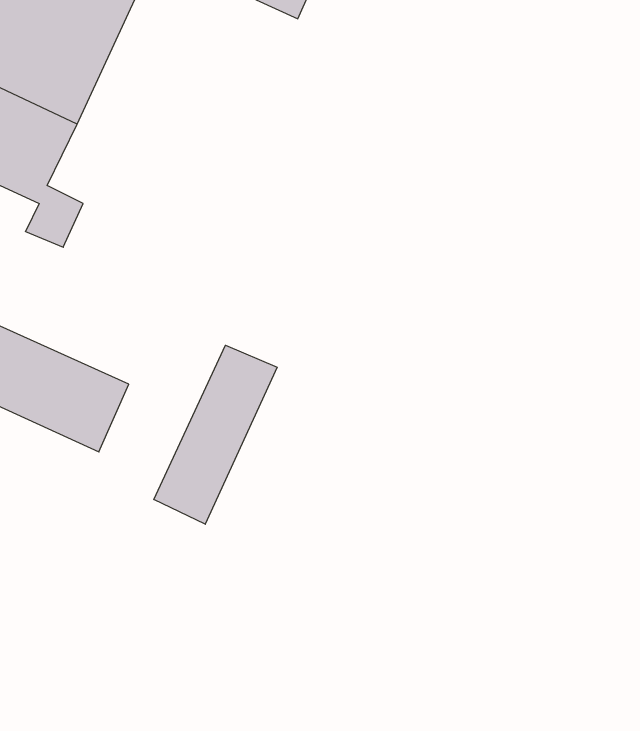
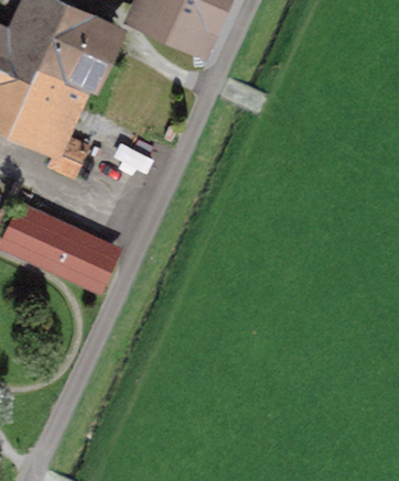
building: [154,345,277,524] -> none

